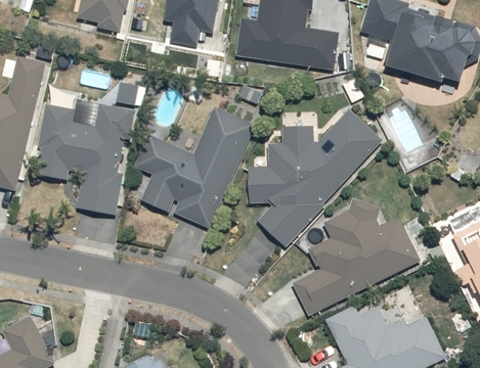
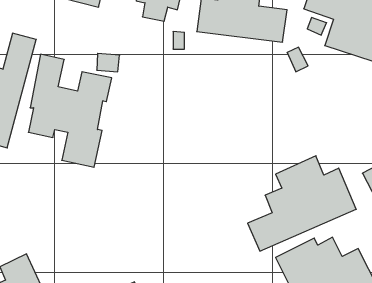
building: [134,107,254,229] -> none
building: [249,109,382,246] -> none

